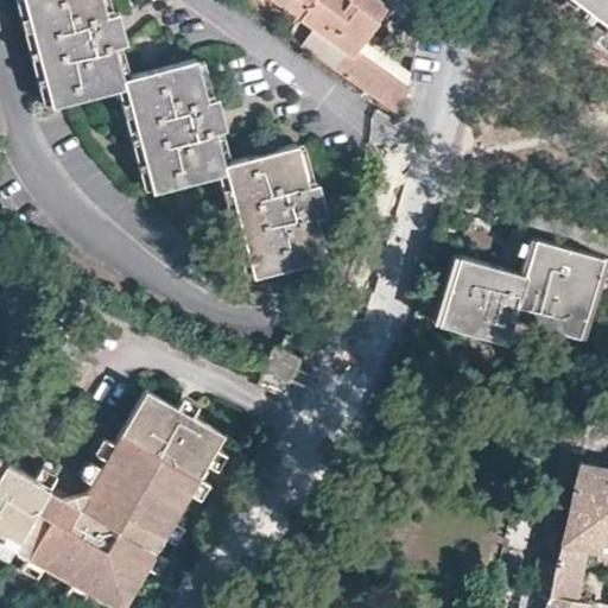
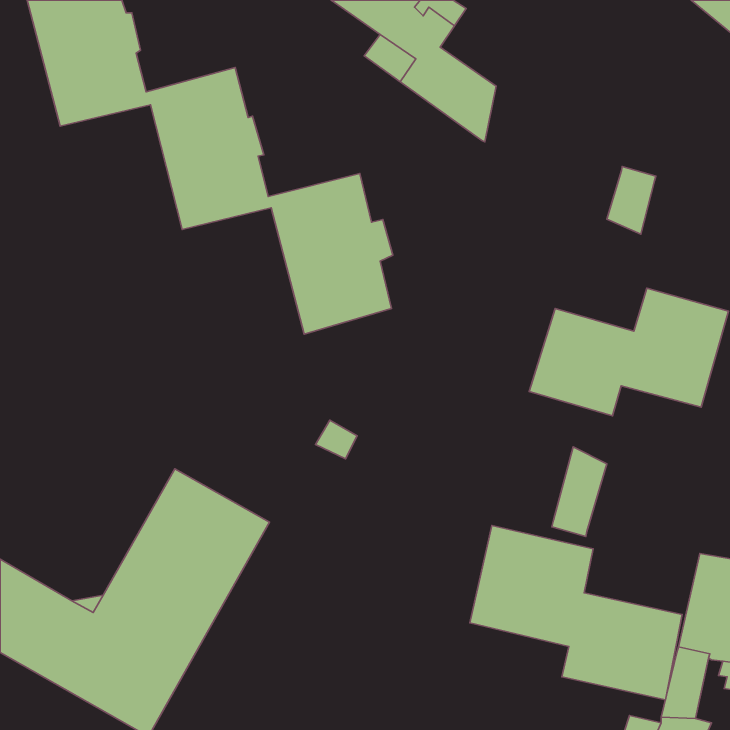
building: none -> [607,167,656,234]
building: none -> [552,447,607,537]
building: none -> [470,526,682,700]

